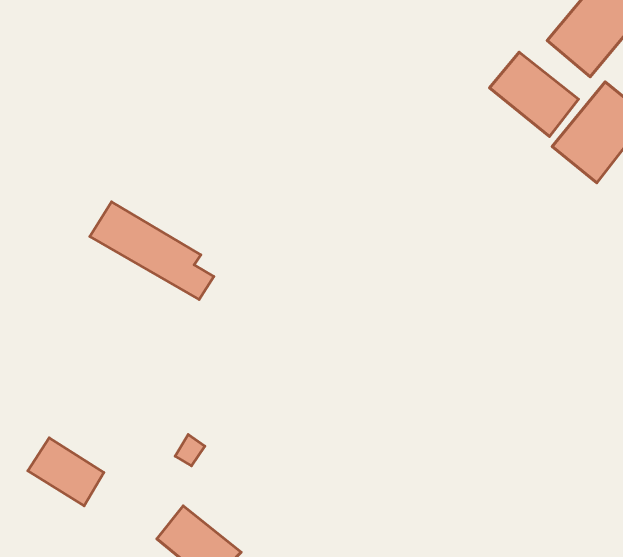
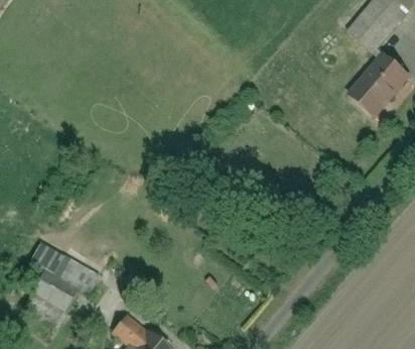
building: [489,52,579,137] -> none
building: [90,202,214,300] -> [33,243,109,303]

